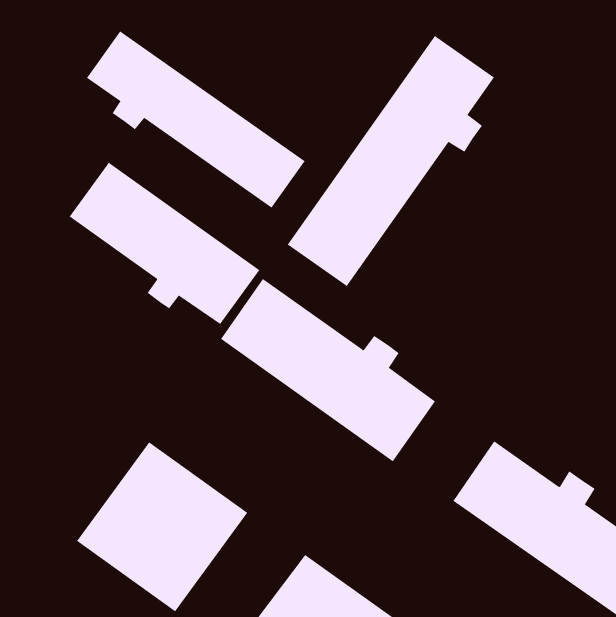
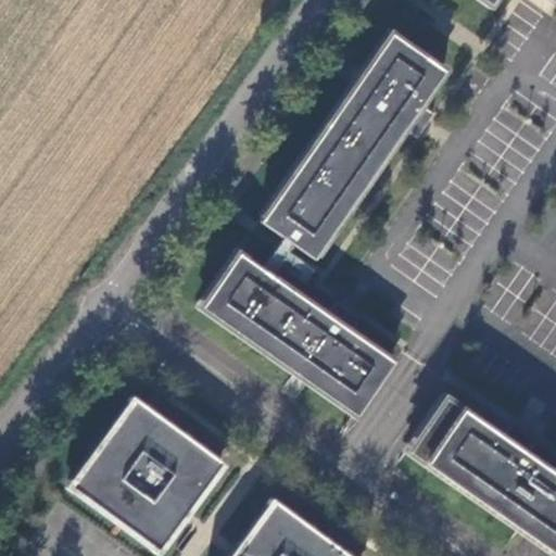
building: [86,30,305,209] -> none
building: [69,162,260,325] -> none

